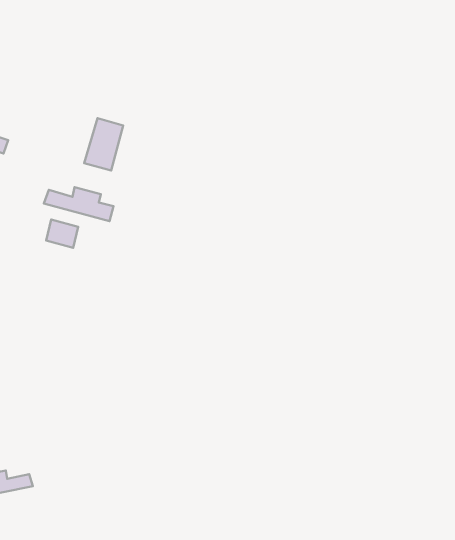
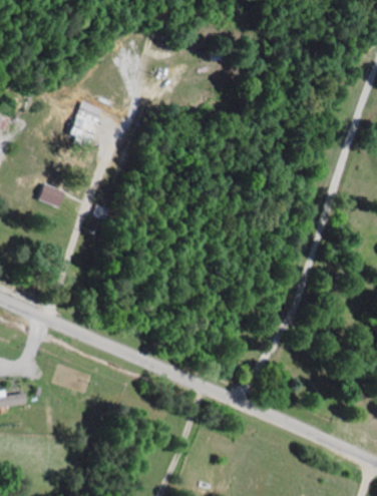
building: [44,187,113,221] -> none

